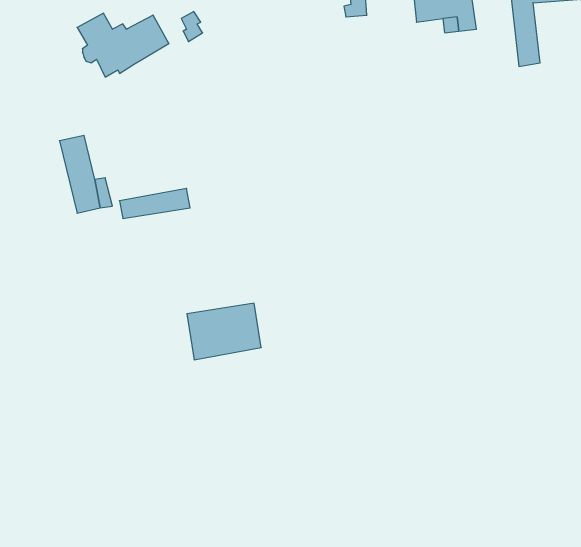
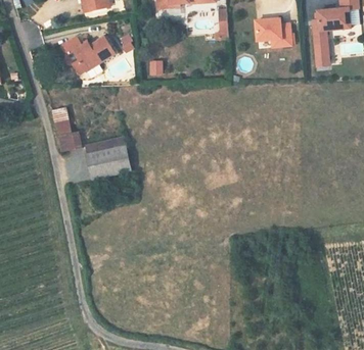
building: [187,303,261,360] -> [87,148,130,181]

